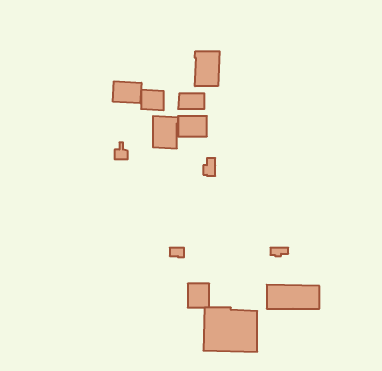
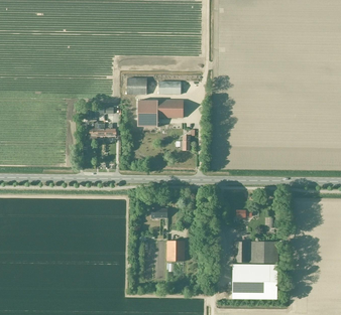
building: [195,51,220,86] -> none
building: [113,81,141,103] -> none
building: [203,308,257,352] -> [232,262,277,299]

